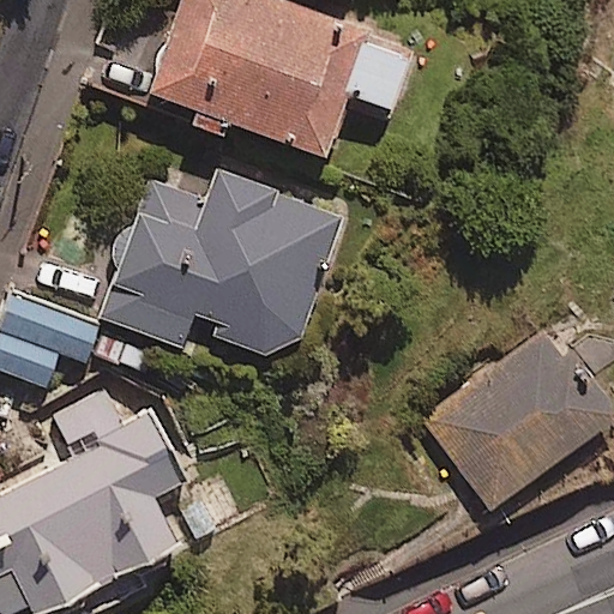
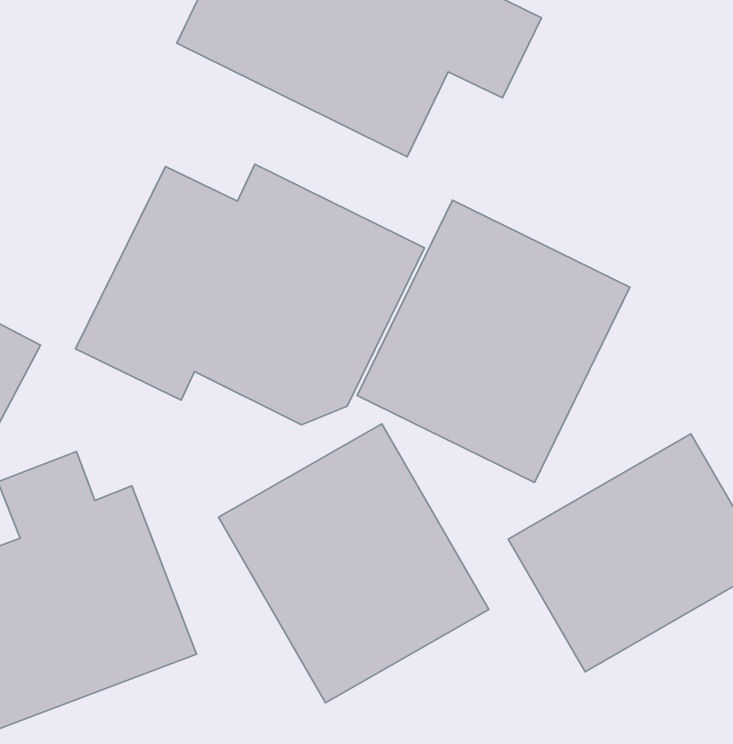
building: none -> [357,200,630,482]
building: none -> [219,424,489,703]

